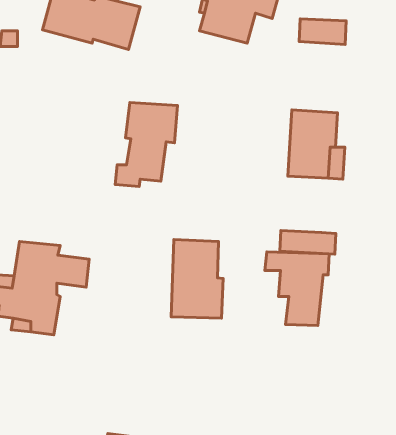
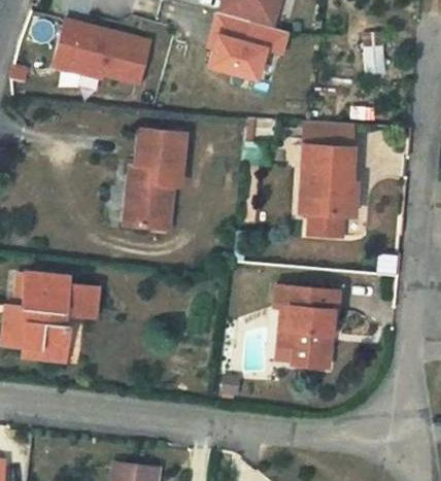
building: [299,19,346,45] -> [301,121,347,146]
building: [280,230,336,254] -> [296,209,351,233]
building: [171,239,223,318] -> none

